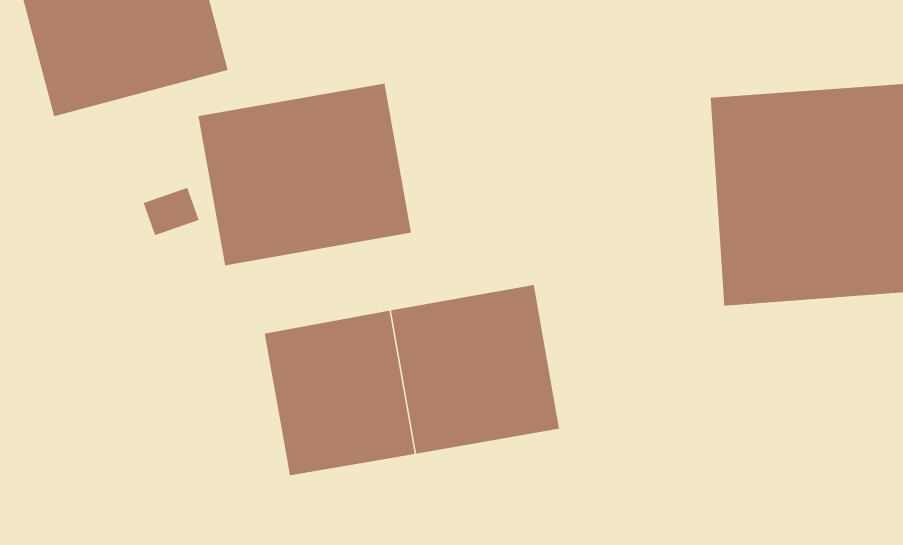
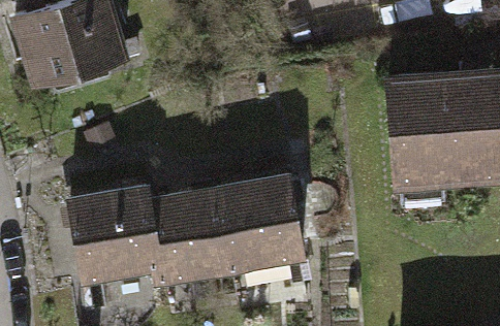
building: [198,83,412,266] -> none
building: none -> [71,188,159,280]

